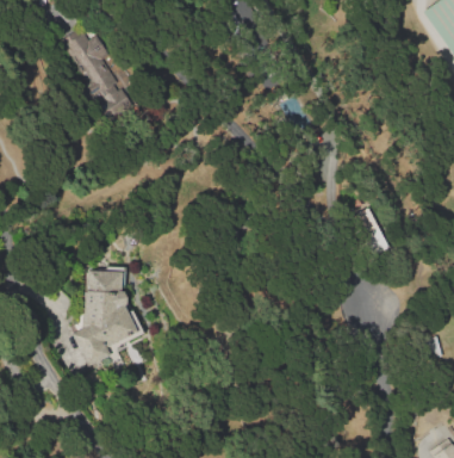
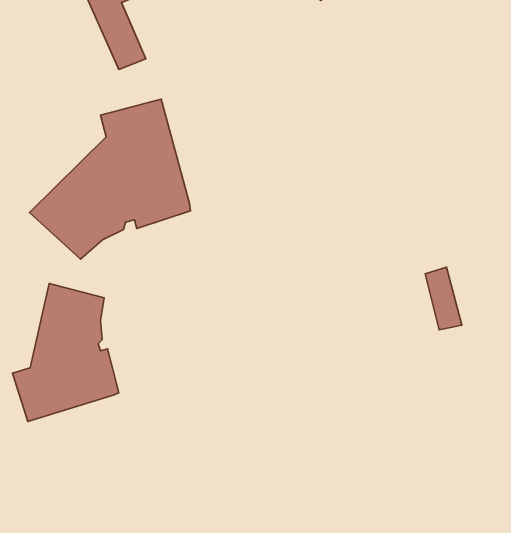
building: none -> [30,99,190,259]

